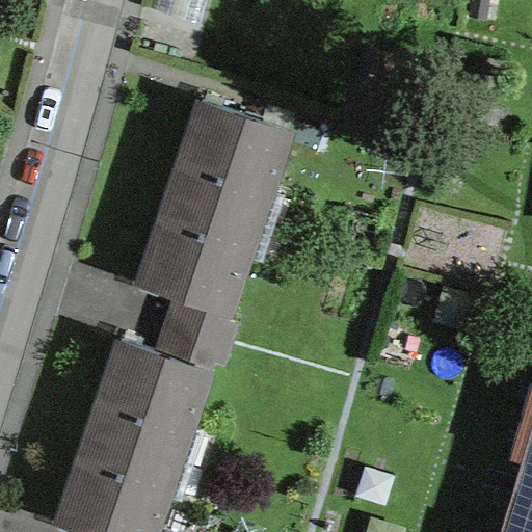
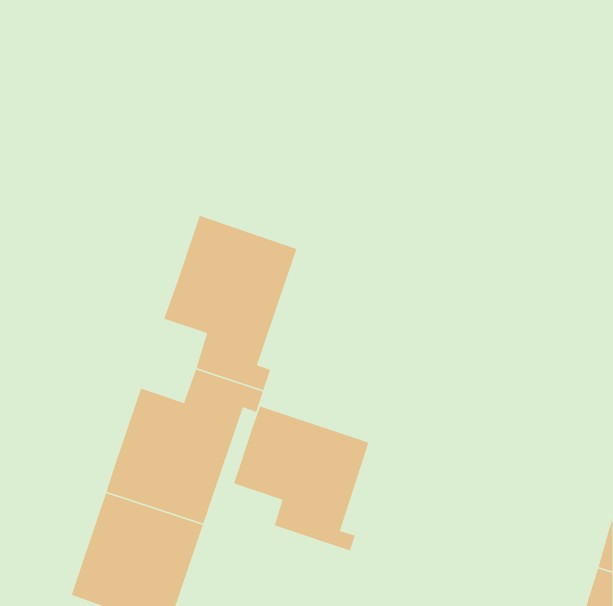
building: [172,102,288,221] -> none
building: none -> [233,405,369,551]

